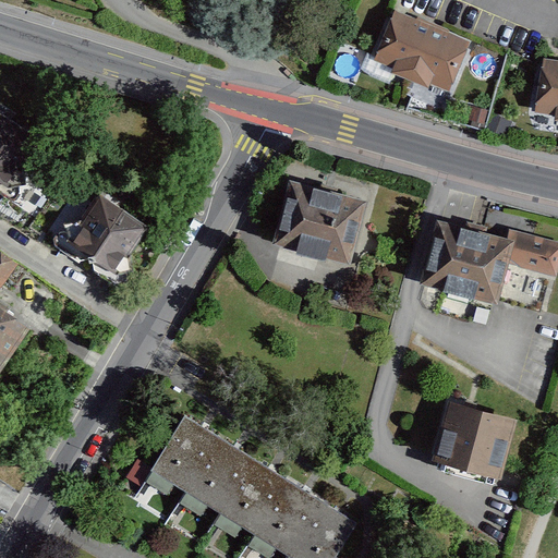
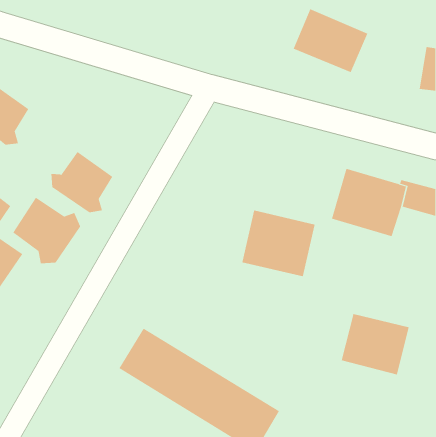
building: [274,178,367,263] -> [242,210,315,277]
building: none -> [12,197,81,264]

